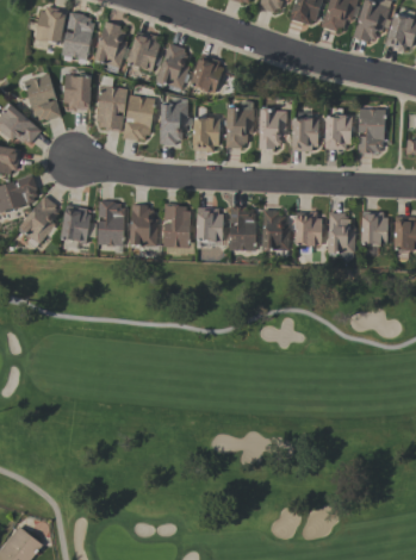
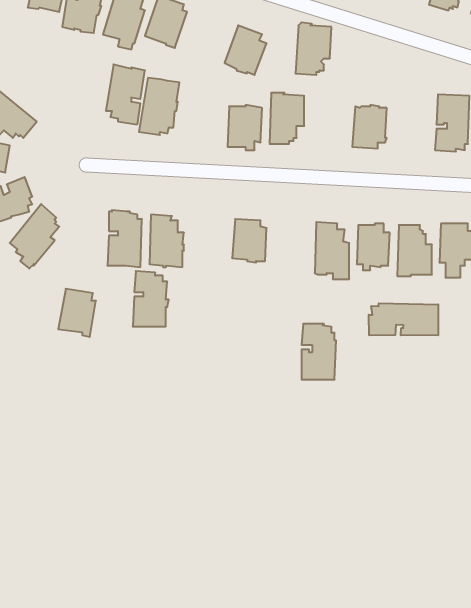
building: [157,43,190,89] -> none
building: [25,74,61,120] -> none
building: [64,74,92,110] -> none
building: [161,102,188,145] -> none
building: [259,107,287,149] -> [295,22,331,75]
building: [325,113,355,149] -> none
building: [163,203,192,247] -> [133,271,169,327]
building: [61,205,91,243] -> [58,289,96,337]
building: [230,206,257,250] -> [302,324,336,380]
building: none -> [369,303,438,335]

